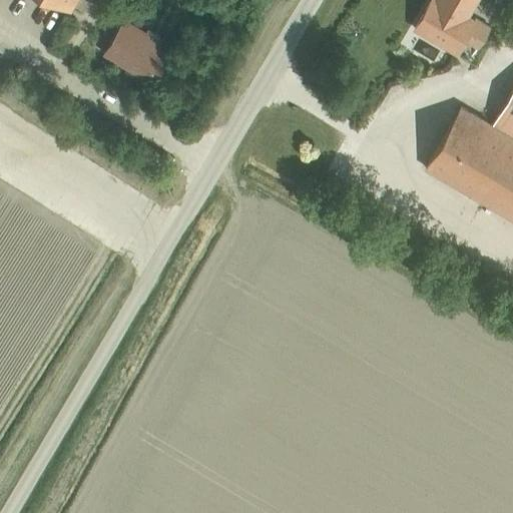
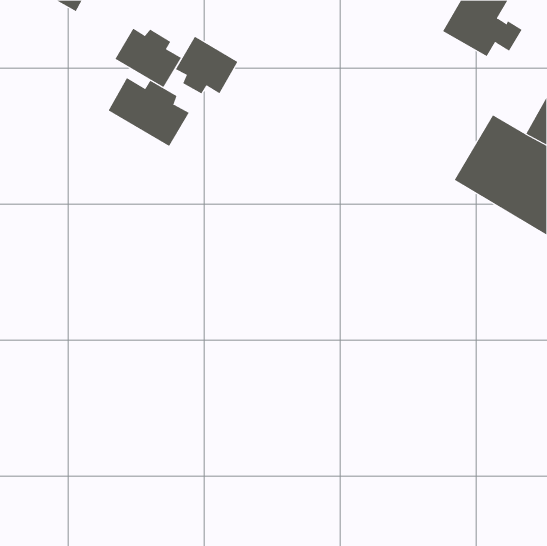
building: none -> [175,36,238,94]
building: none -> [108,77,189,147]

